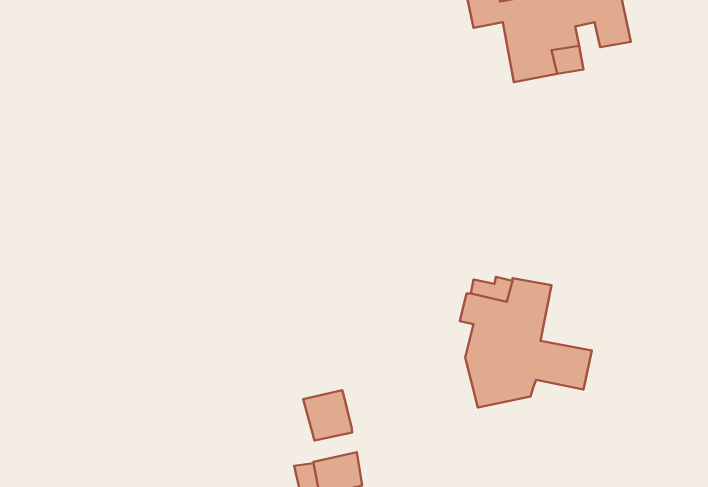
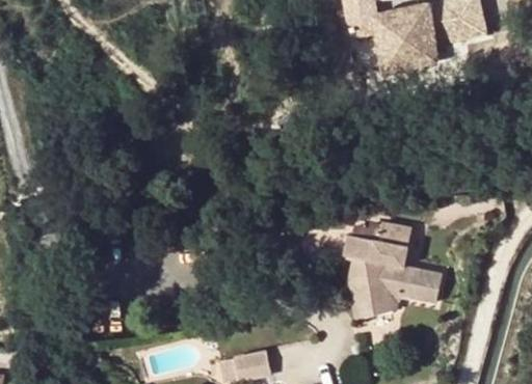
building: [303,390,352,440] -> none

